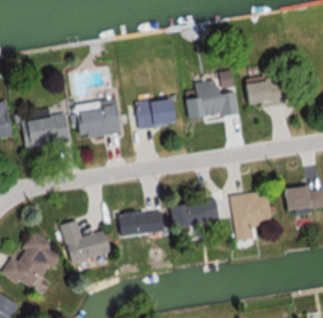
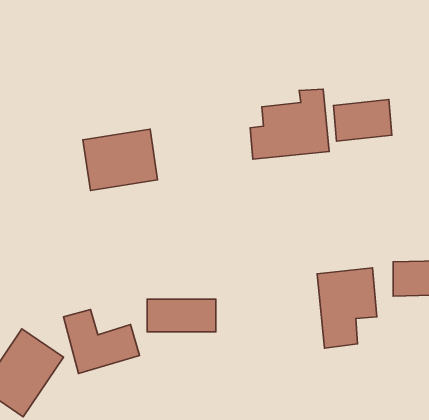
building: [135,99,173,128] -> none
building: [23,114,71,147] -> none
building: [167,200,221,227] -> none

